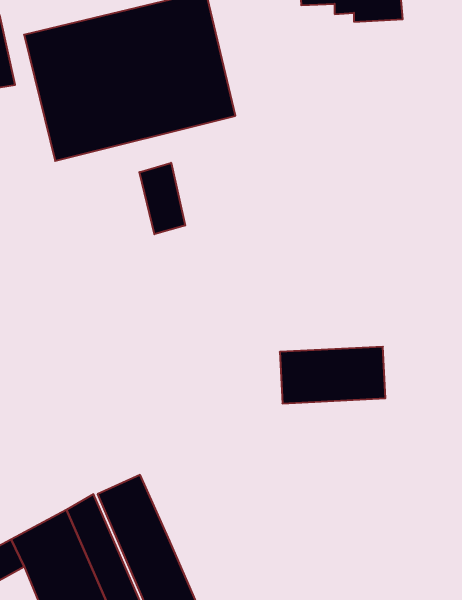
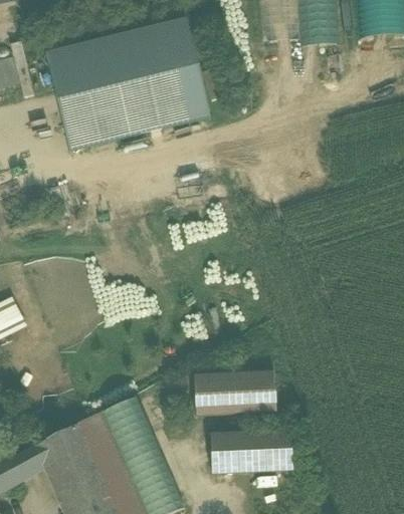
building: [139,163,185,234] -> none
building: [280,347,385,403] -> [194,369,276,414]
building: none -> [211,428,292,472]

